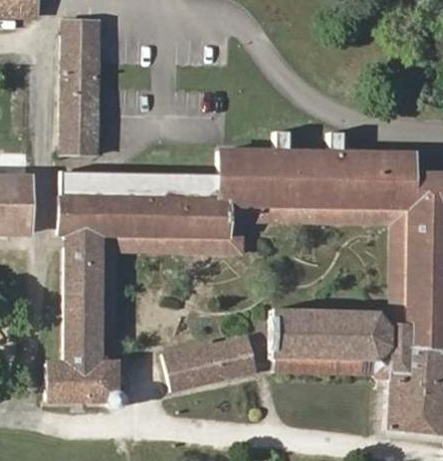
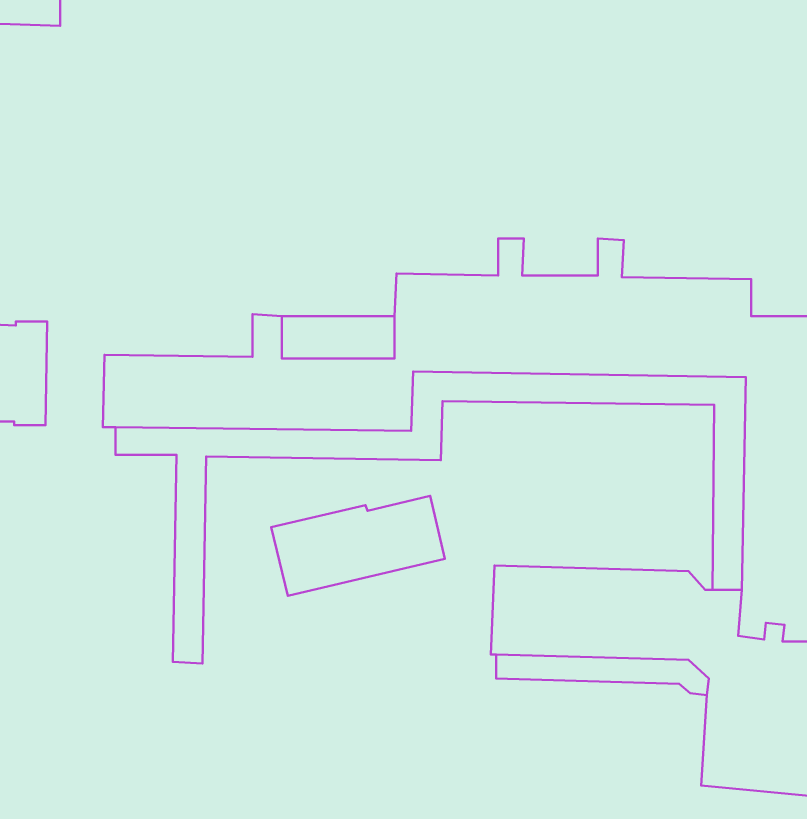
building: [62,20,97,154] -> none
building: [60,172,141,196] -> none
building: [46,249,123,408] -> none
building: [163,336,257,391] -> [271,496,445,596]

